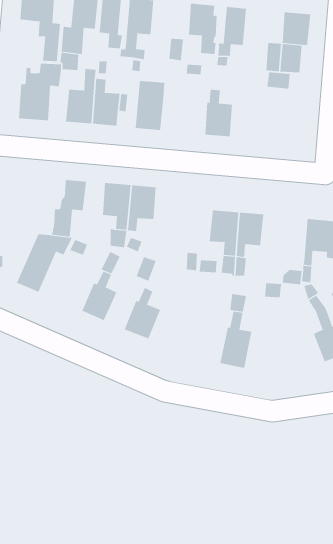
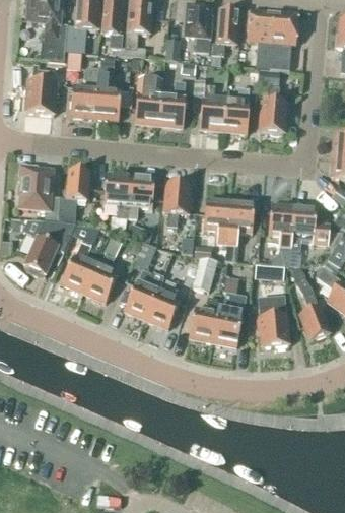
building: none -> [247,11,273,43]
building: none -> [158,82,185,126]
building: none -> [259,86,286,135]
building: none -> [223,88,256,132]
building: none -> [18,166,58,221]
building: none -> [163,182,191,227]
building: none -> [268,204,294,246]
building: none -> [62,244,95,293]
building: none -> [191,259,217,292]
building: none -> [147,280,180,328]
building: none -> [258,296,289,347]
building: none -> [189,297,220,341]

